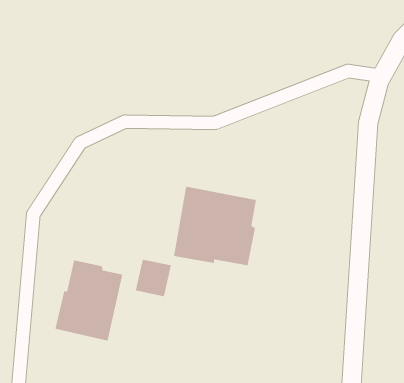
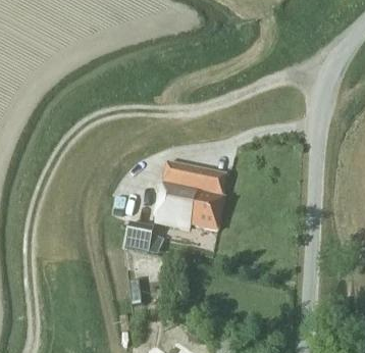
building: [55,260,123,342] -> none

